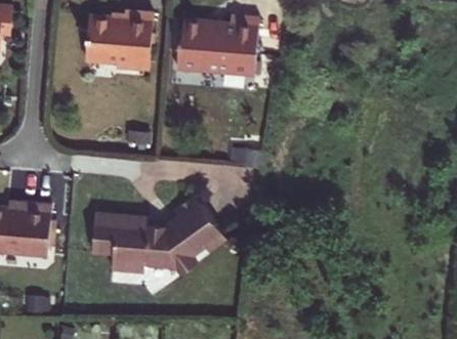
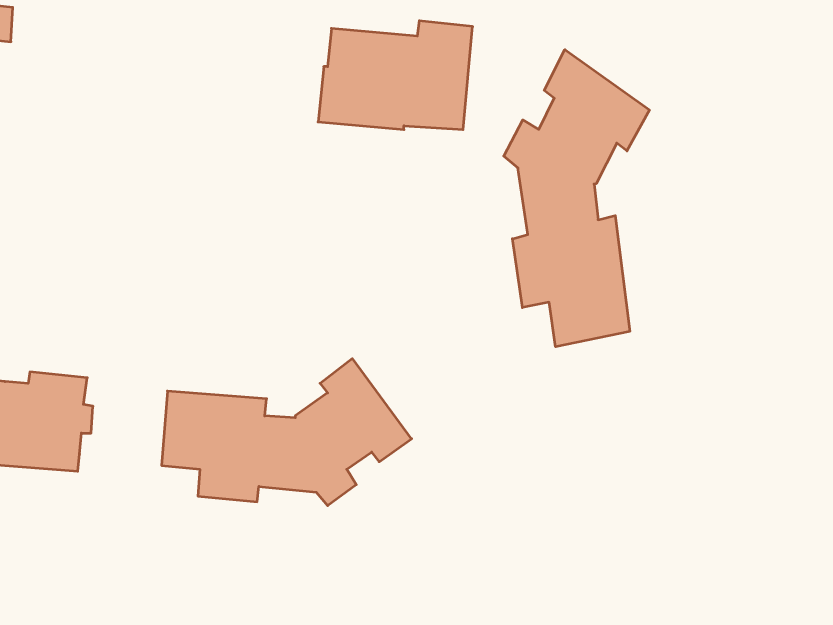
building: [84,10,153,70] -> none
building: none -> [504,50,649,347]

